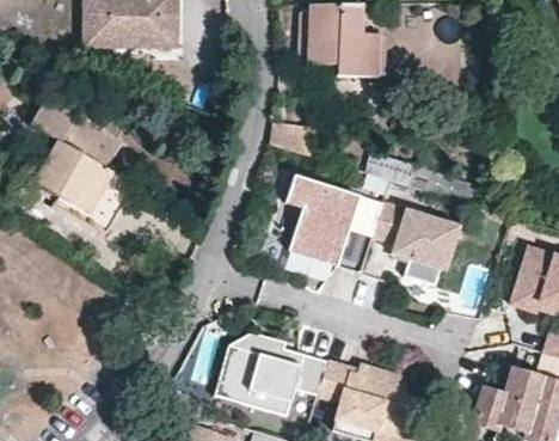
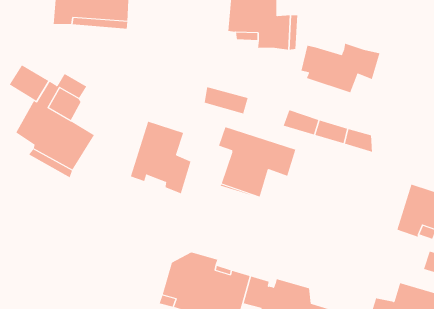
building: none -> [301,43,380,93]
building: none -> [130,121,191,194]
building: [374,202,459,286] -> none

